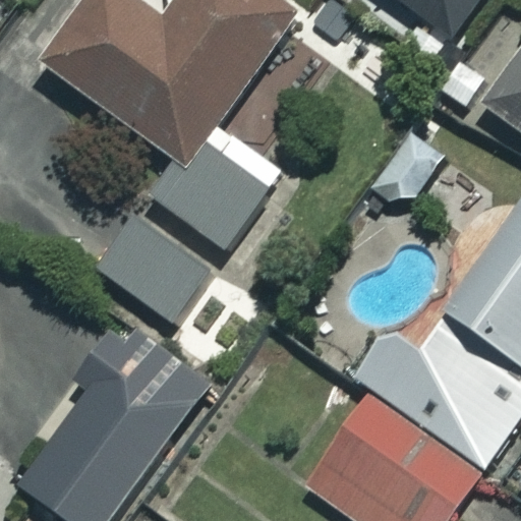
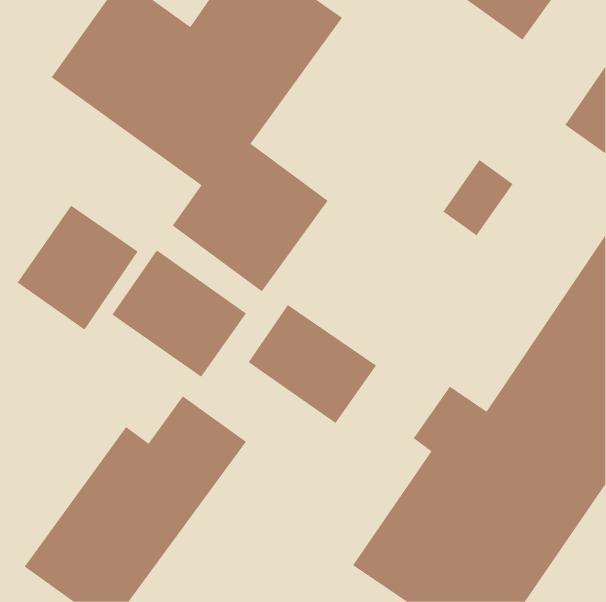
building: none -> [17,205,139,331]
building: none -> [248,304,377,424]

